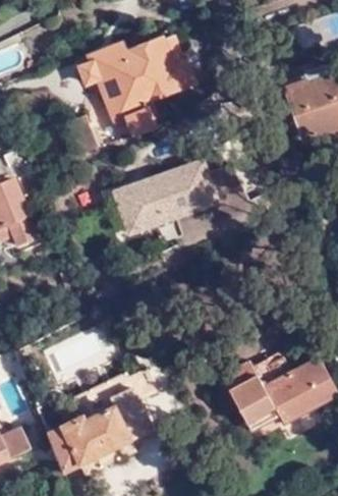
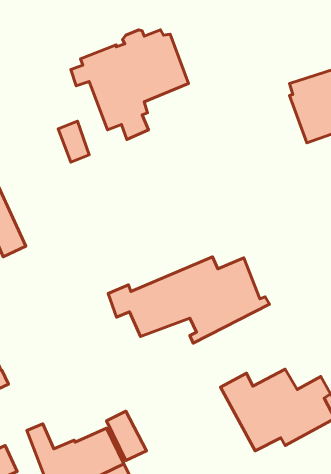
building: [102,161,255,242] -> [108,257,270,343]

